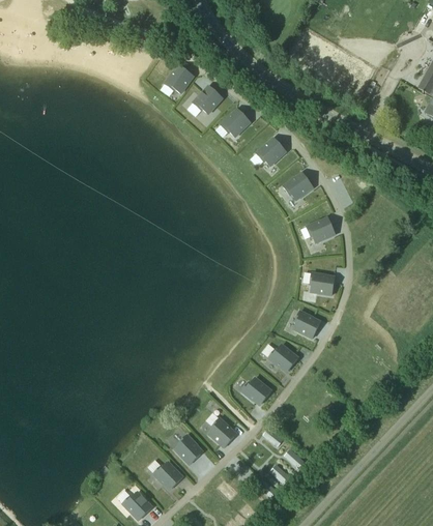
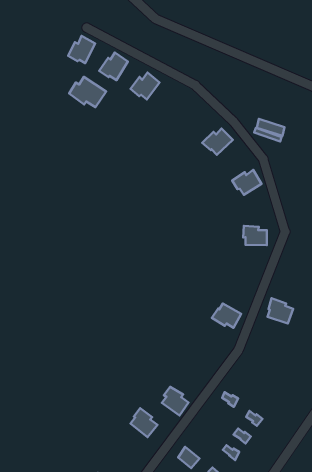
building: none -> [69,77,106,107]
building: [256,139,286,165] -> none
building: [293,310,319,337] -> [268,298,293,323]
building: [241,376,271,402] -> none
building: [153,461,182,487] -> none

